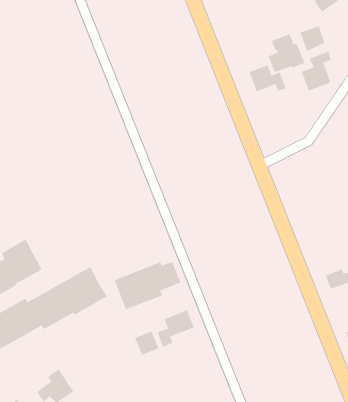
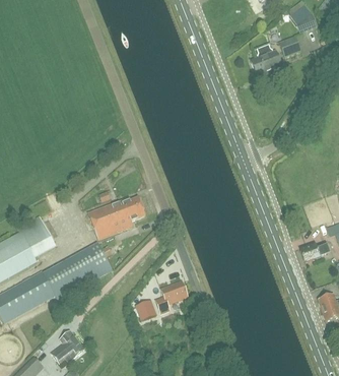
building: [301,51,331,91] -> none
building: [249,65,287,92] -> none
building: [114,261,181,310] -> [87,197,145,239]

